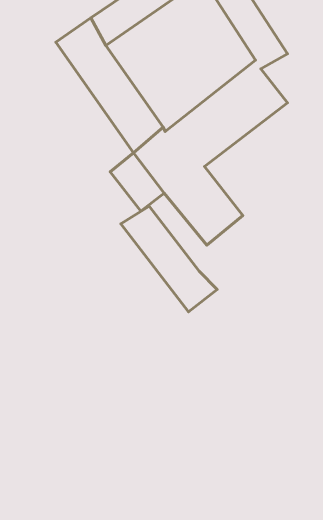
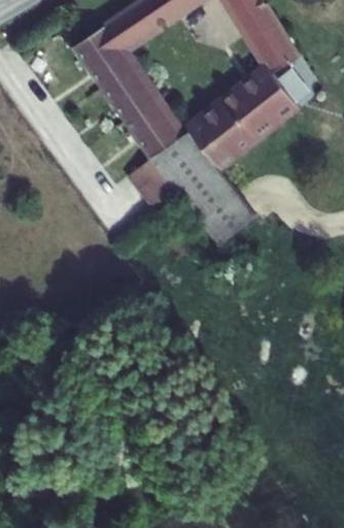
building: [121,206,217,312] -> none

